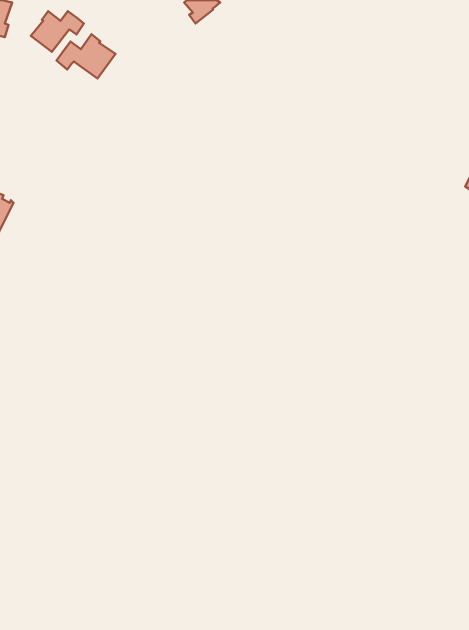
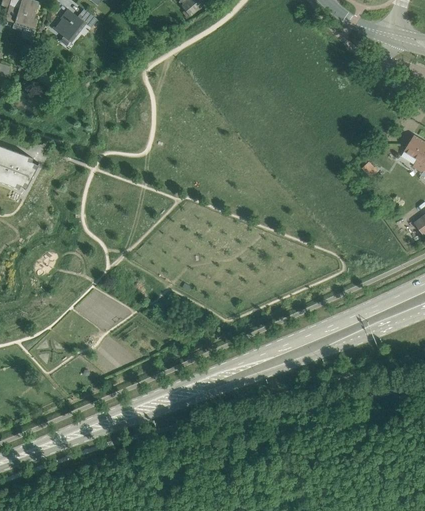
building: [57,34,116,79] -> none

